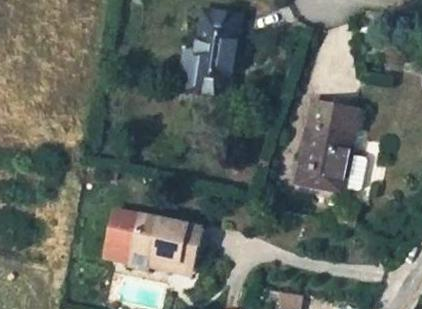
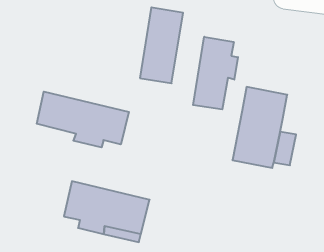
building: none -> [193,37,238,109]
building: none -> [37,92,129,147]

